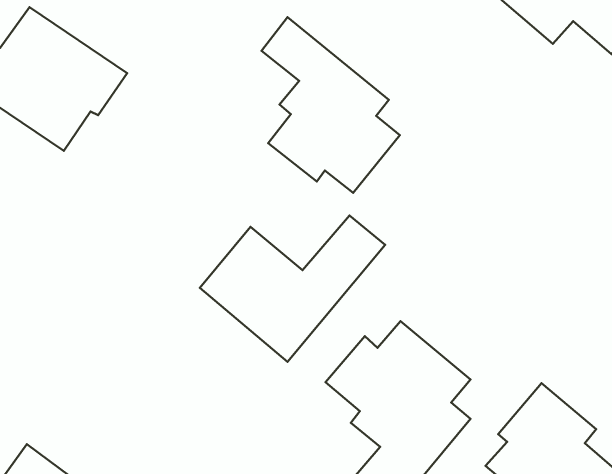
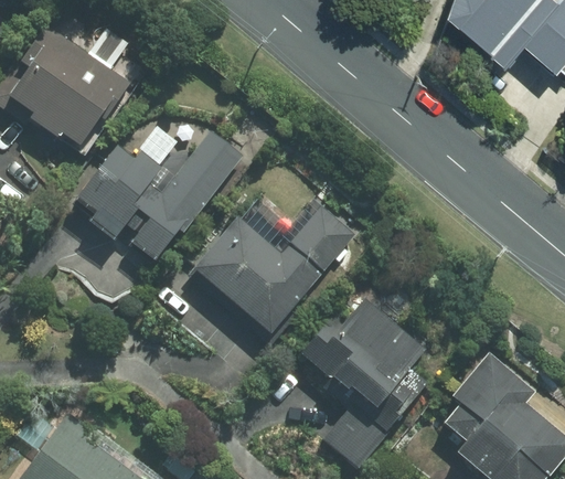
building: [261,17,400,193] -> none
building: none -> [74,131,244,262]

